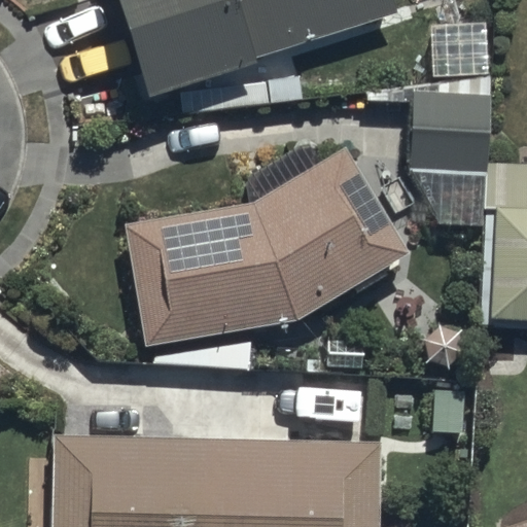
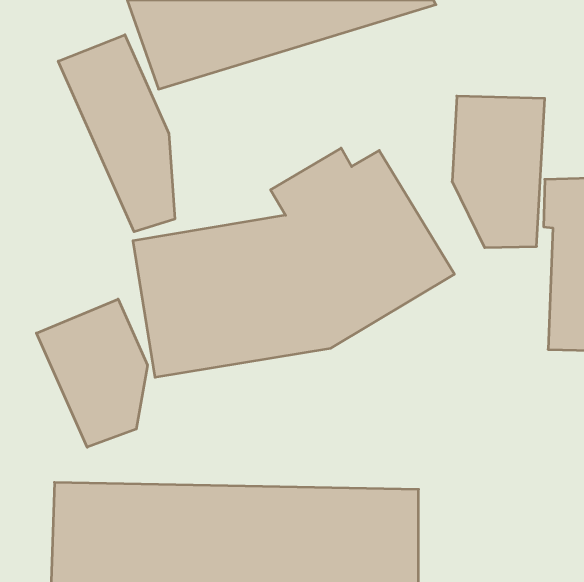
building: none -> [58,35,175,232]
building: none -> [36,299,147,447]

